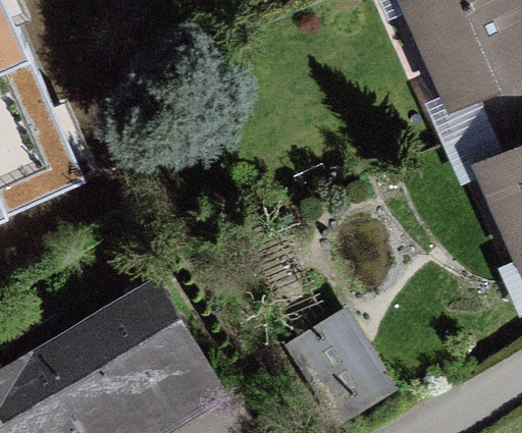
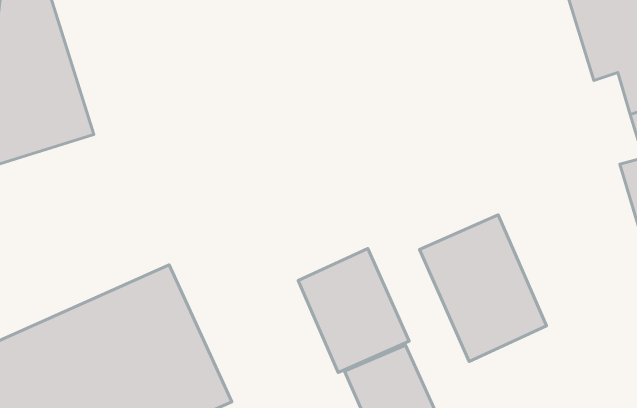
building: none -> [419,215,546,361]
building: none -> [298,248,409,372]

